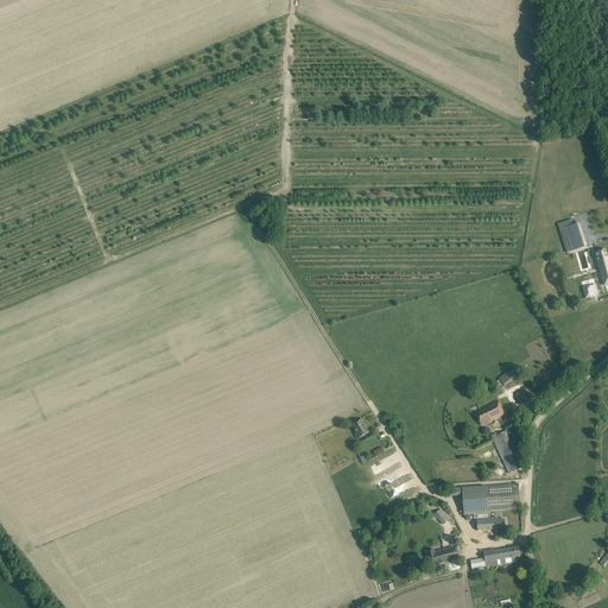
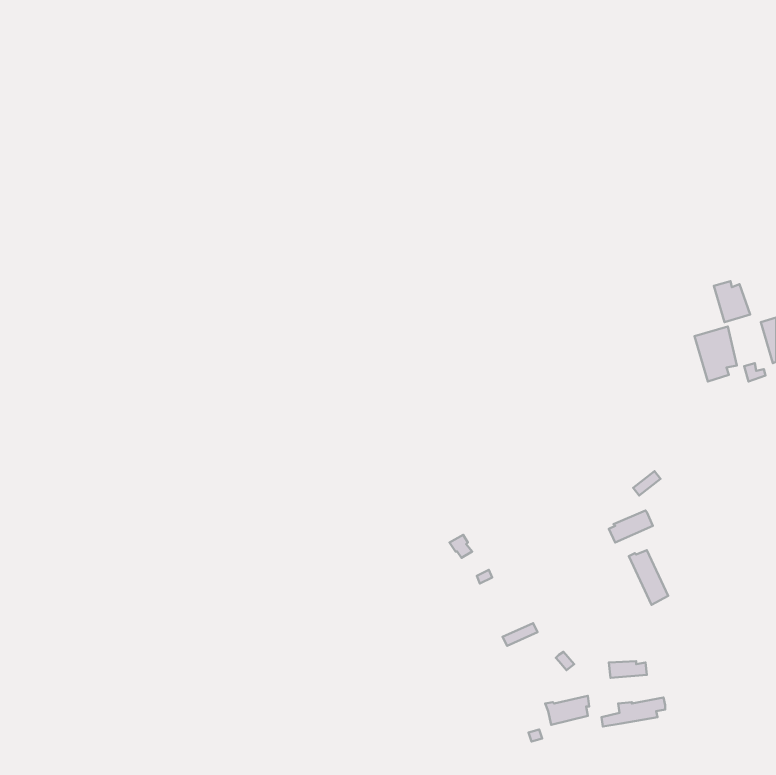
building: none -> [695,326,737,381]
building: [462,483,520,514] -> none

